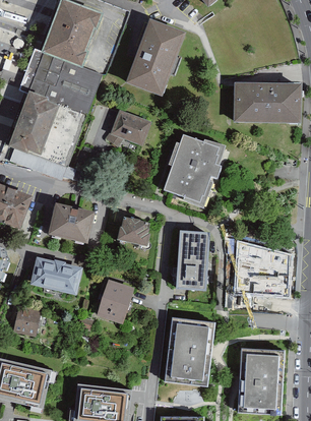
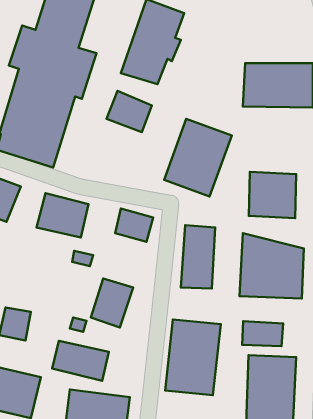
building: none -> [249,172,296,218]
building: [28,257,80,294] -> [52,341,109,381]
building: none -> [242,321,283,346]

